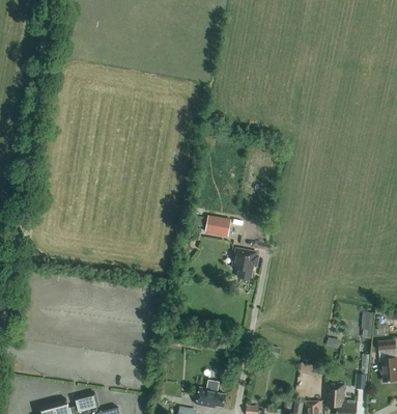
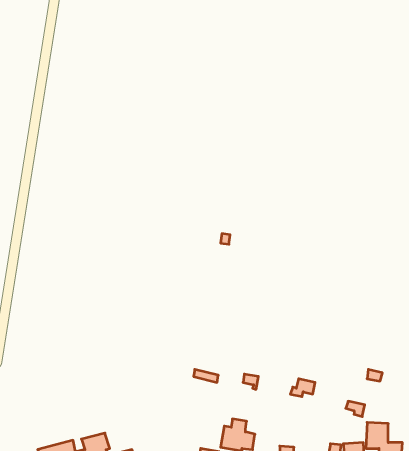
building: [205,215,231,236] -> none
building: [230,248,257,279] -> none

